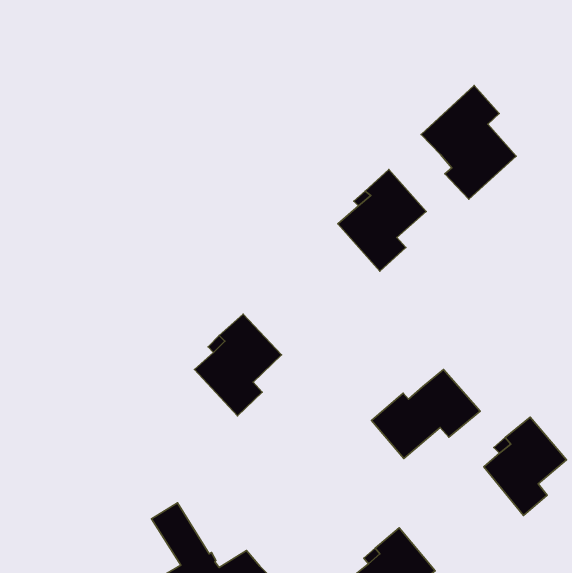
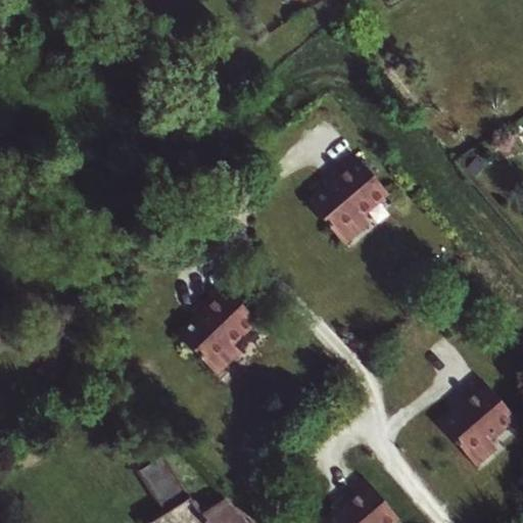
building: [421,86,516,199] -> none
building: [372,370,480,459] -> none

